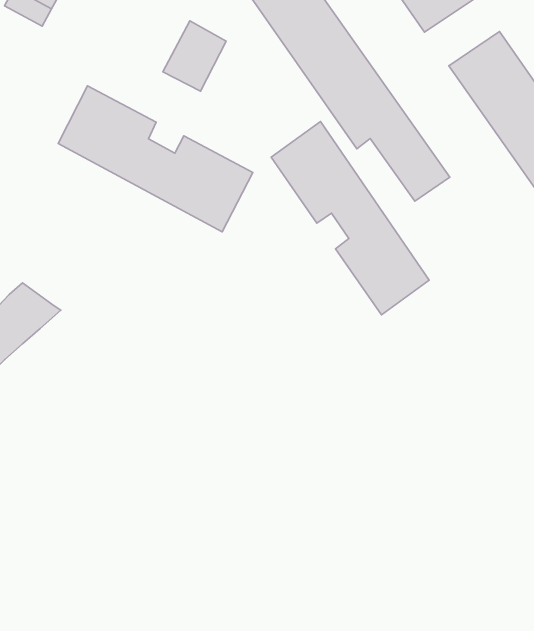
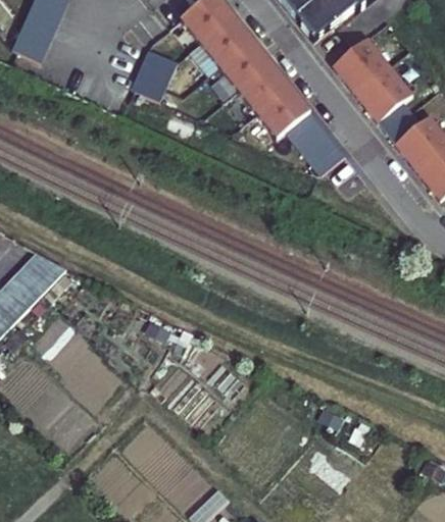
building: [58,86,253,232] -> none
building: [271,122,429,315] -> none

